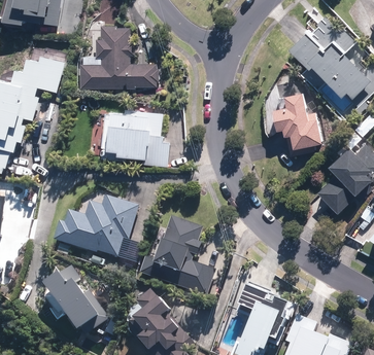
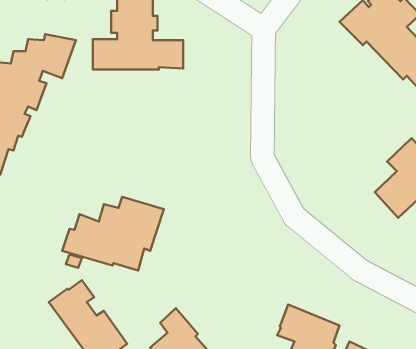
building: [271,90,320,154] -> none
building: [100,107,170,165] -> none
building: [139,215,215,294] -> none

